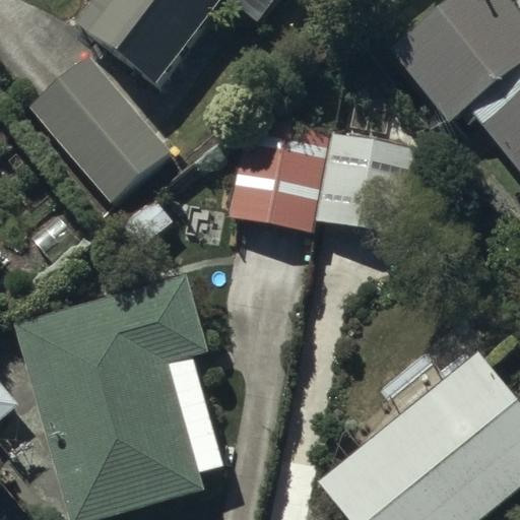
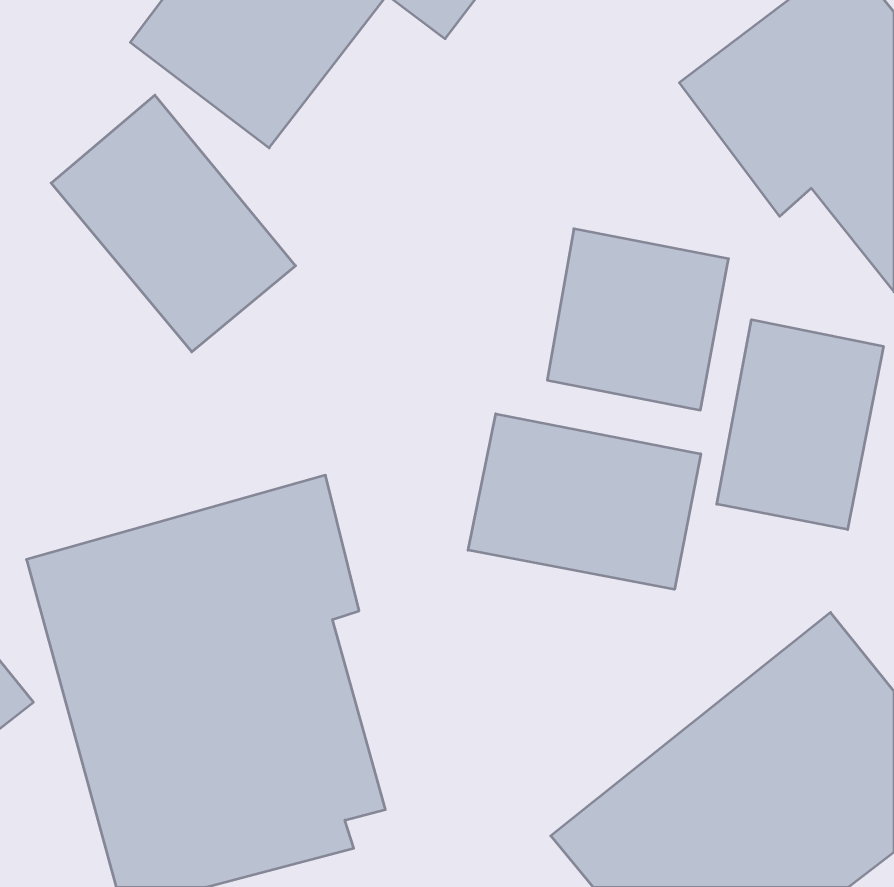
building: [228,116,331,232] -> none
building: none -> [717,320,883,530]
building: none -> [468,414,701,589]

